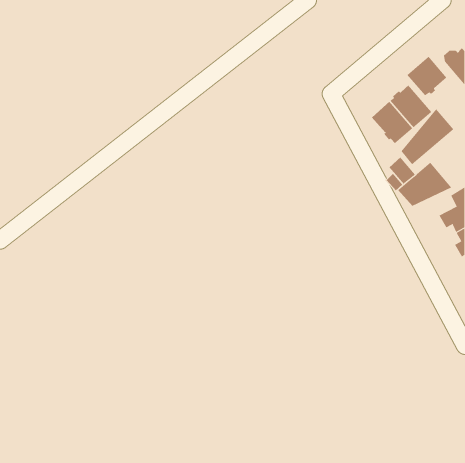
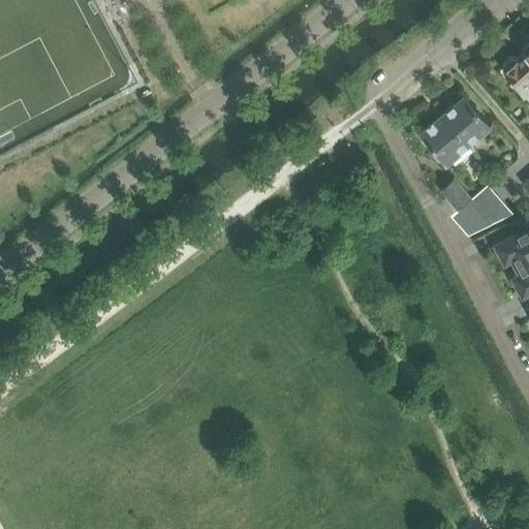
building: [406,56,447,96] -> none
building: [401,109,454,165] -> none

